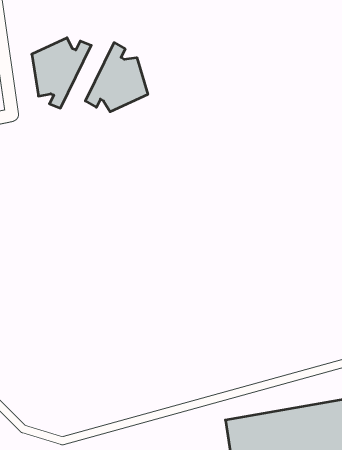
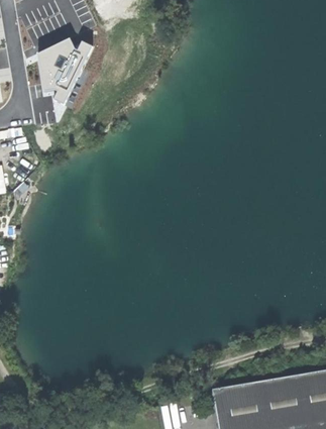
building: [85,43,148,112] -> none

